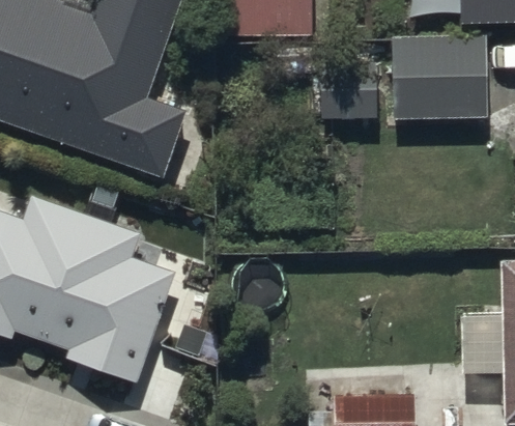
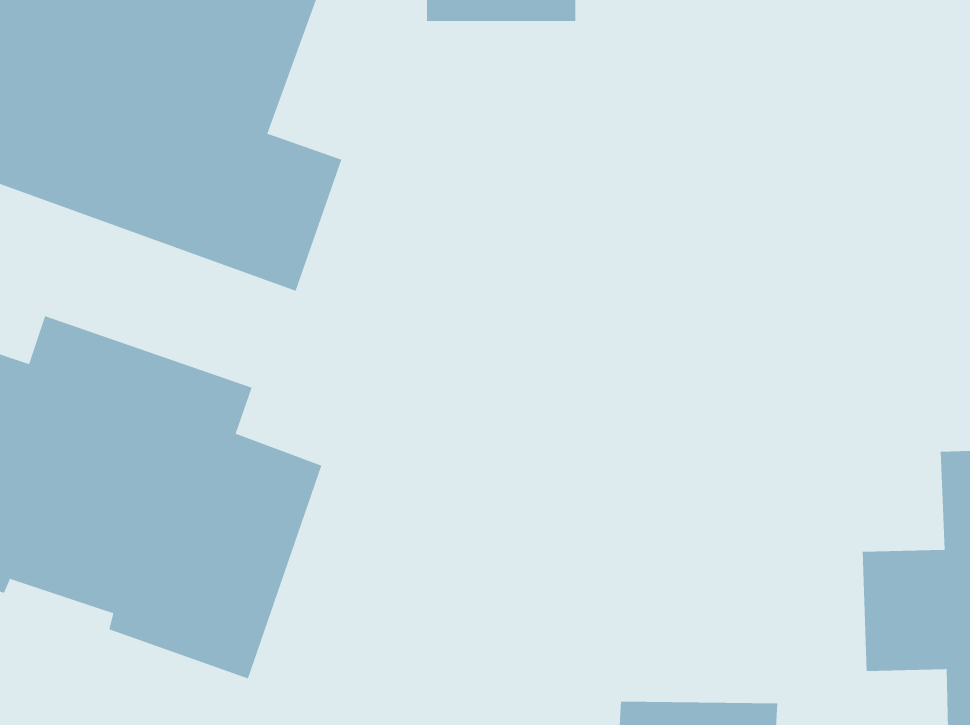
building: [390,36,486,118] -> none

